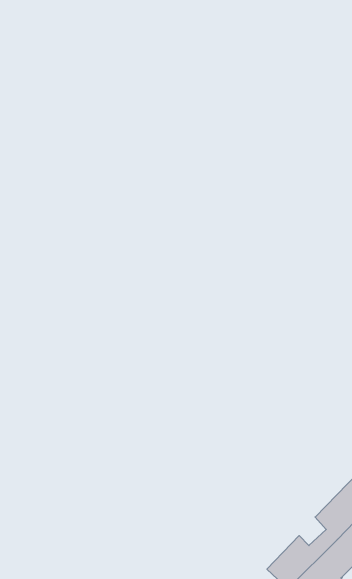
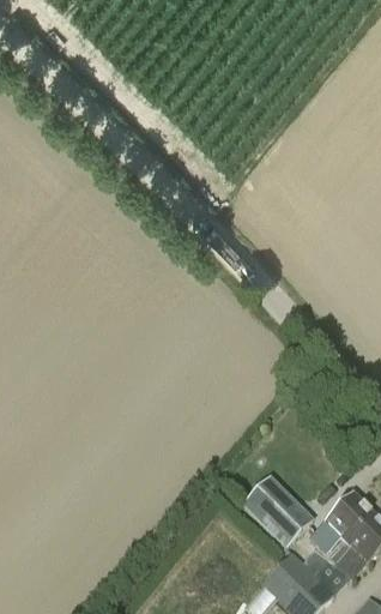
building: none -> [241,475,313,547]

